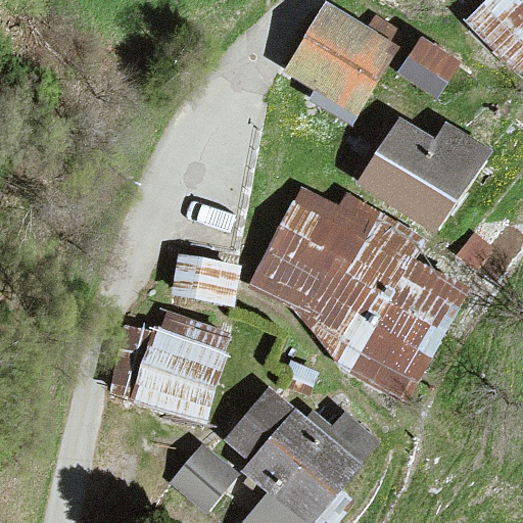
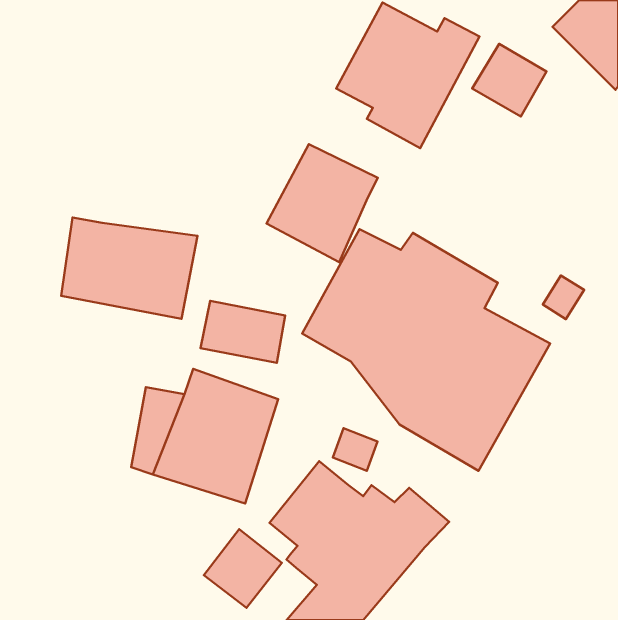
building: [361,120,485,230] -> none
building: none -> [266,144,378,262]
building: none -> [61,218,198,319]

